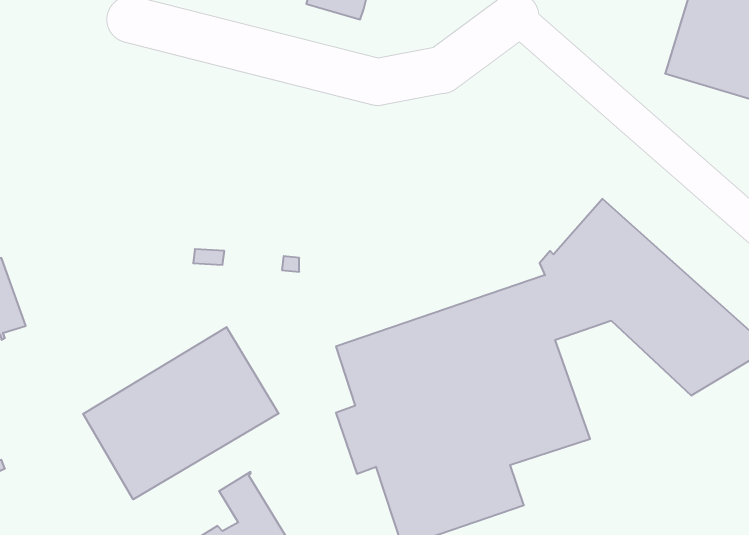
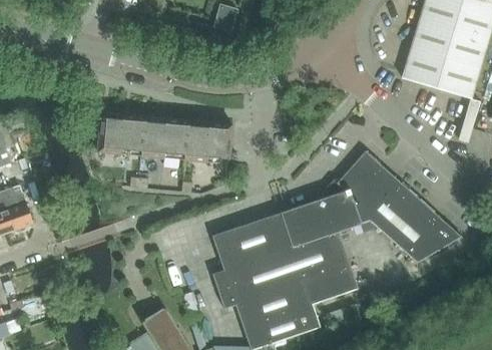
building: none -> [98,112,232,161]
building: [83,327,279,499] -> none

